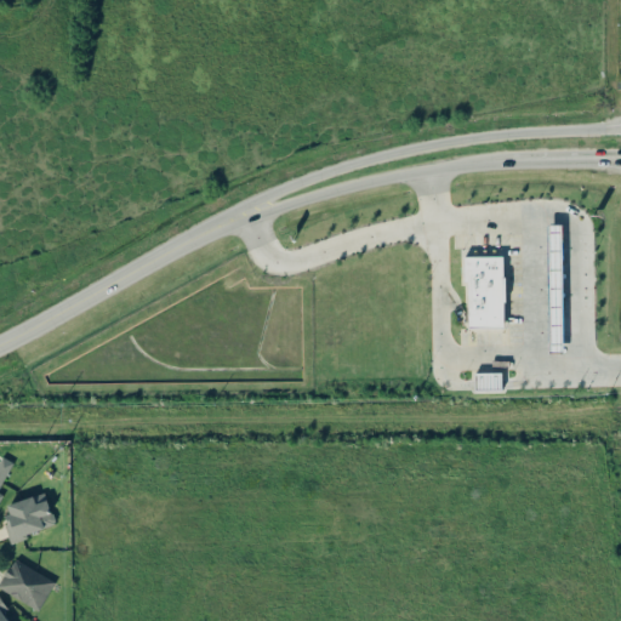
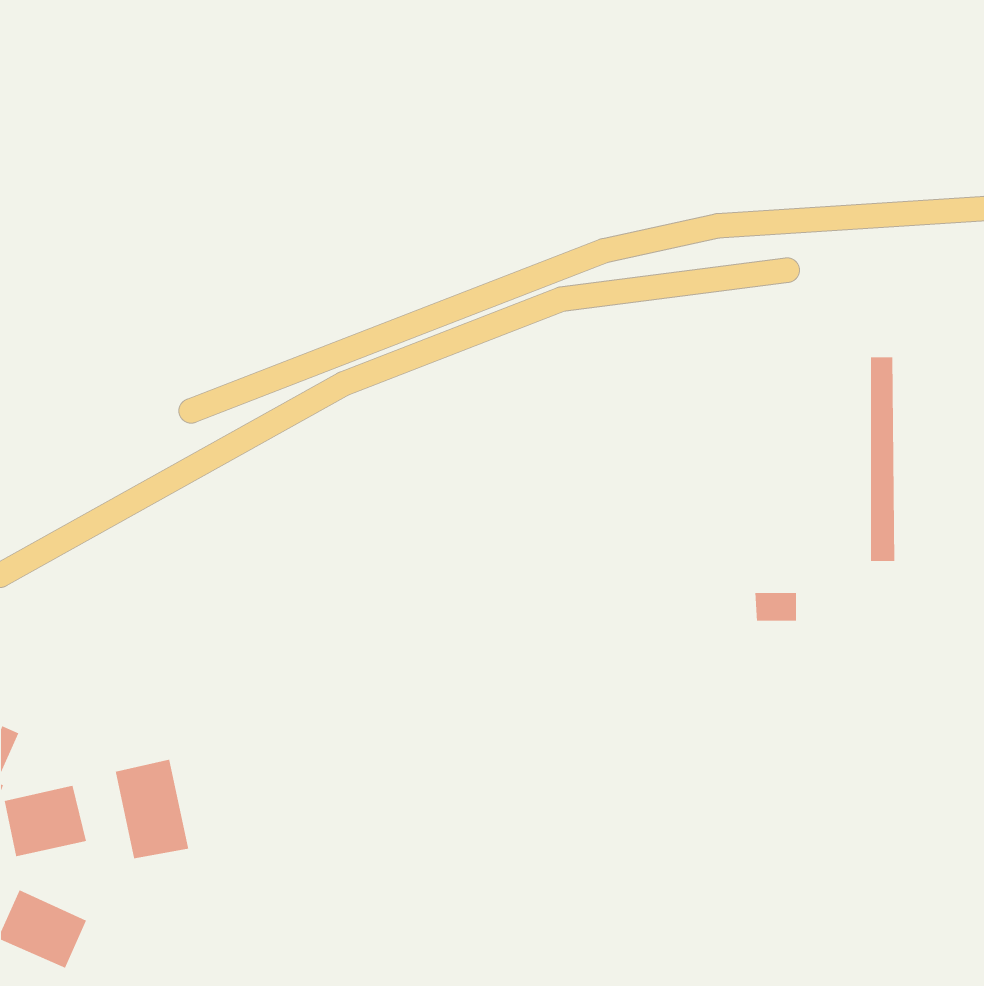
building: [462,256,505,326] -> none
building: none -> [115,759,189,859]

